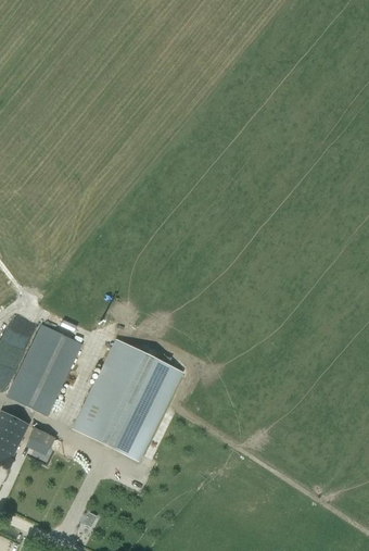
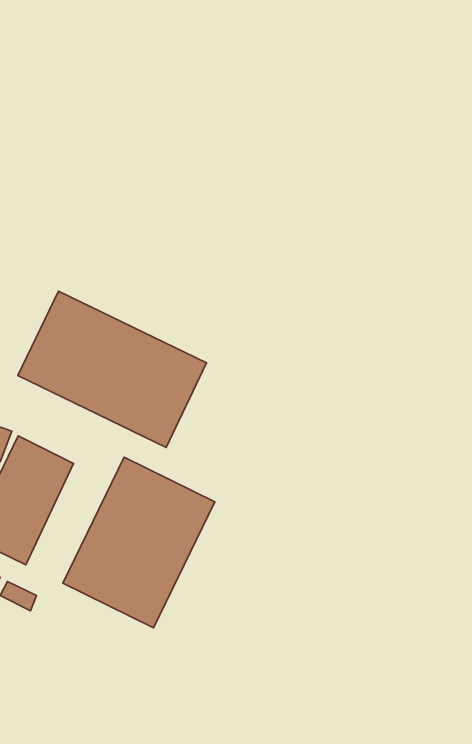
building: none -> [18,291,207,447]

